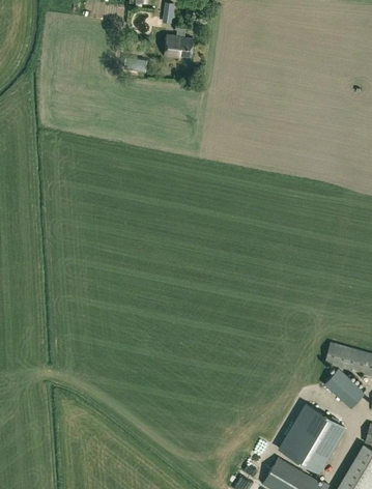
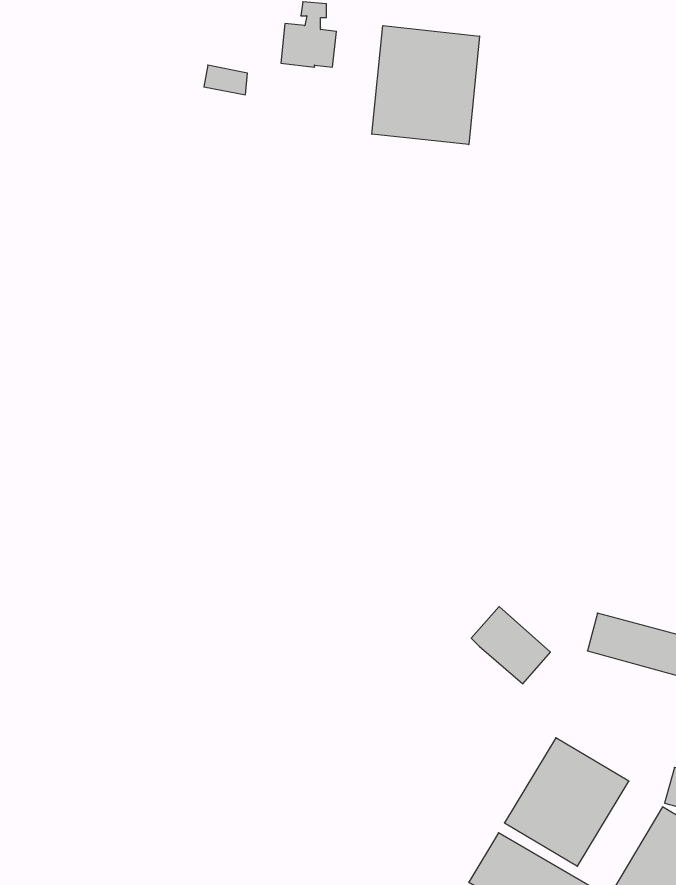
building: none -> [372,26,480,145]
building: [323,368,365,408] -> [471,607,550,684]

